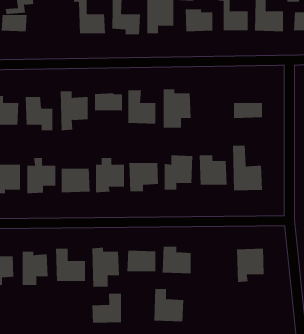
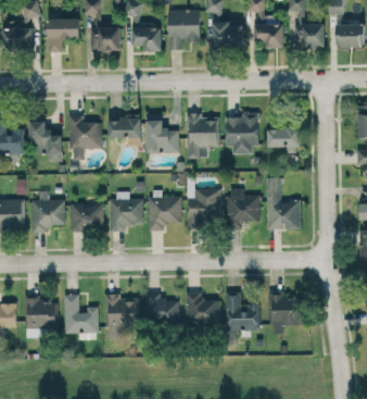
building: none -> [48,18,79,52]
building: none -> [226,113,260,154]
building: [154,288,184,322] -> [225,292,260,331]
building: [92,293,122,324] -> none

